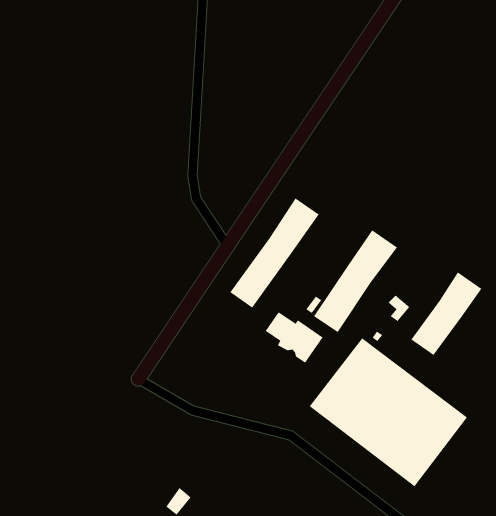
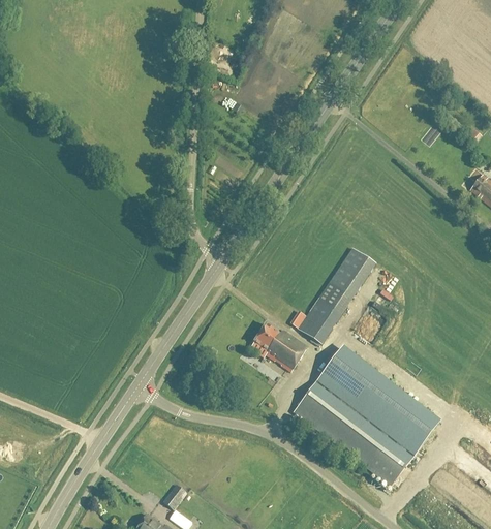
building: [230,197,320,309] -> none
building: [410,272,482,356] -> none

